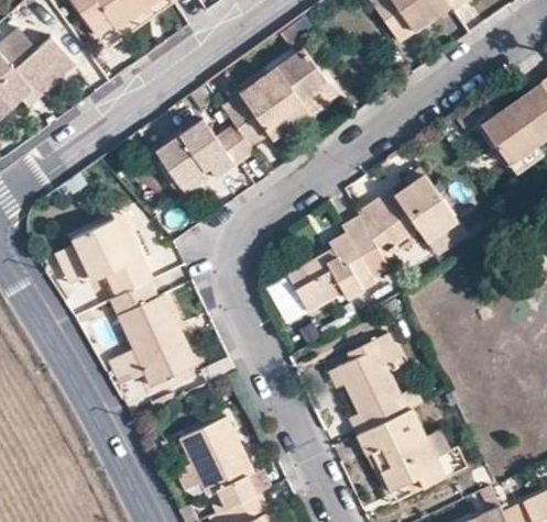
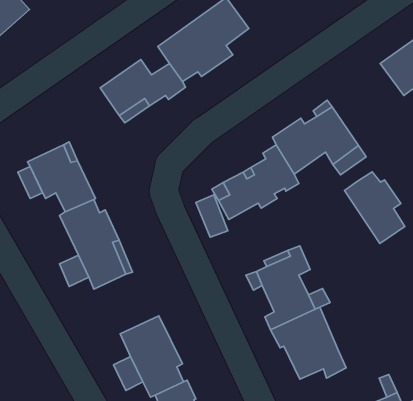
building: none -> [345,172,405,243]

